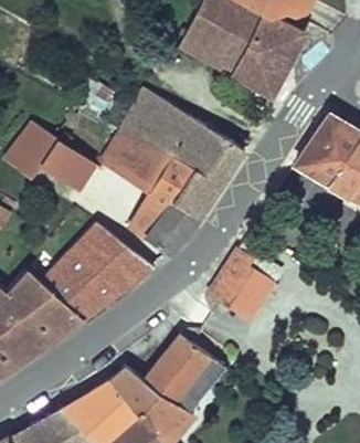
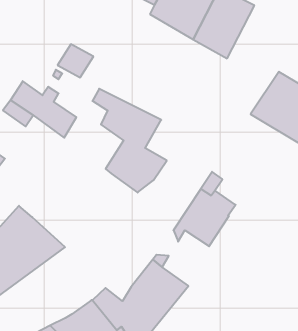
building: [119,92,243,218] -> none
building: [41,226,151,319] -> none

